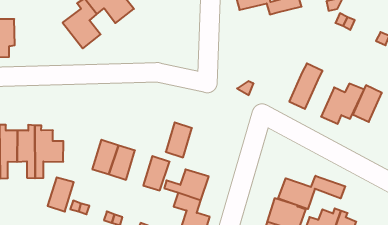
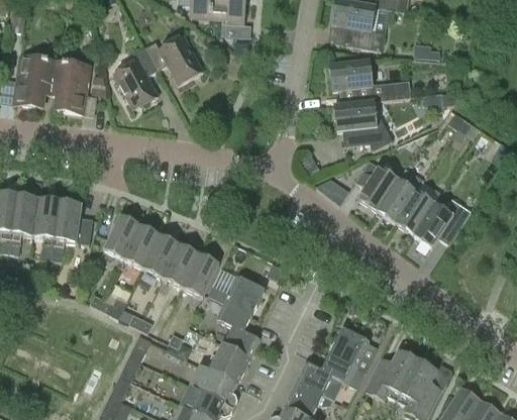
building: none -> [333,100,393,150]
building: none -> [50,61,89,112]
building: none -> [355,160,398,211]
building: [353,85,382,122] -> [395,190,434,235]
building: [166,122,192,157] -> [163,243,199,288]
building: [278,176,345,209] -> none
building: [48,177,74,212] -> [103,215,139,258]

